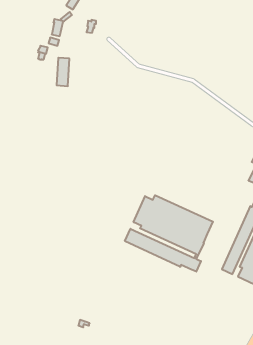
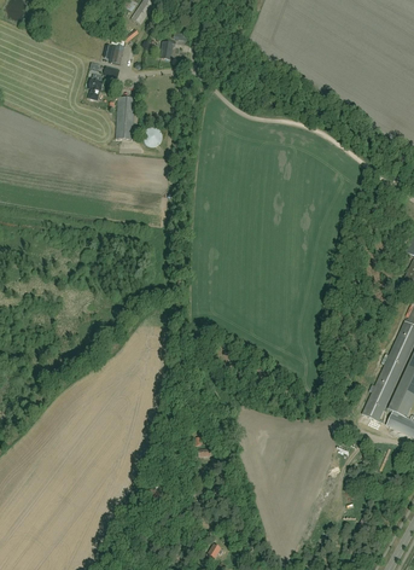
building: [125,195,213,272] -> none

